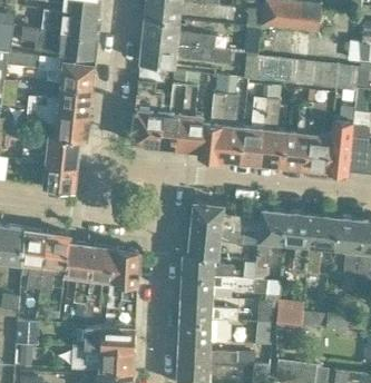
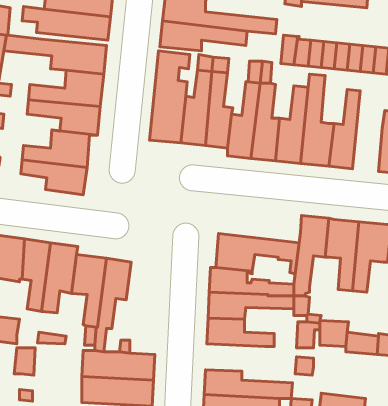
building: [305,102,331,171] -> none
building: [191,203,261,233] -> none
building: [107,249,139,313] -> none
building: [179,320,231,344] -> none

